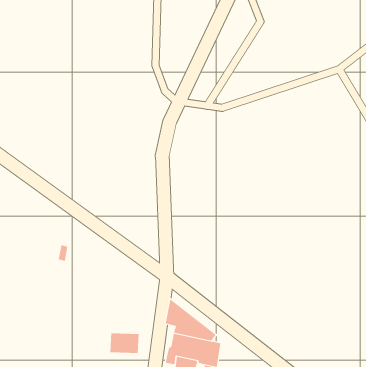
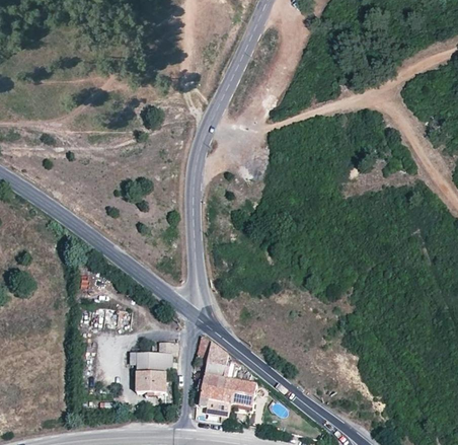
building: none -> [136,342,176,374]

